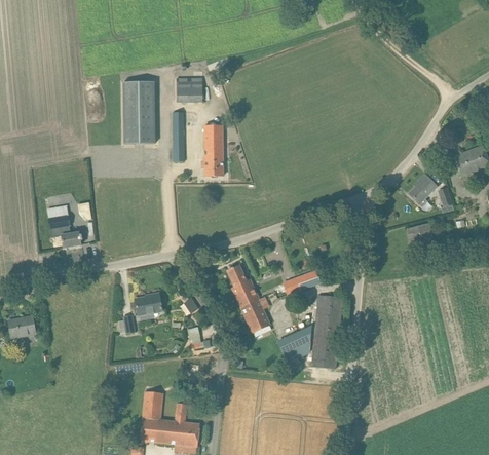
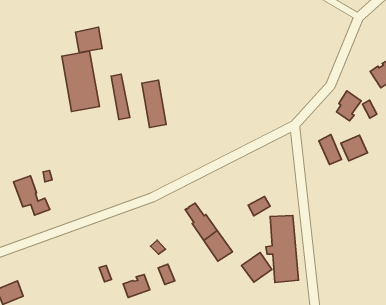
building: [177,77,202,101] -> [76,27,102,53]
building: none -> [319,134,342,165]
building: [135,293,162,314] -> [123,275,150,297]

